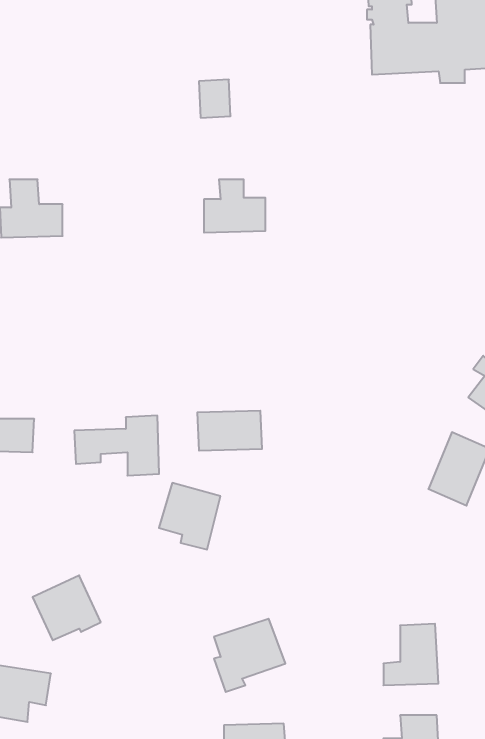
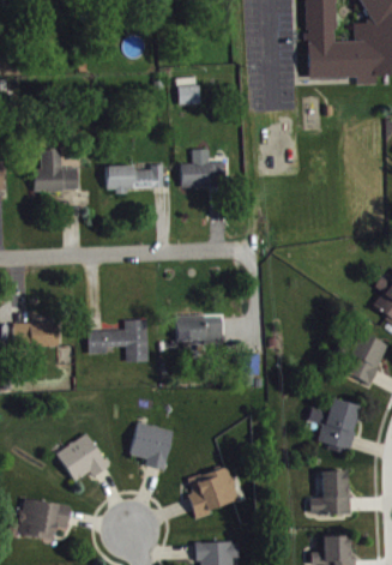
building: none -> [107,164,164,192]
building: [159,483,220,550] -> [129,421,174,469]
building: none -> [309,398,360,453]

